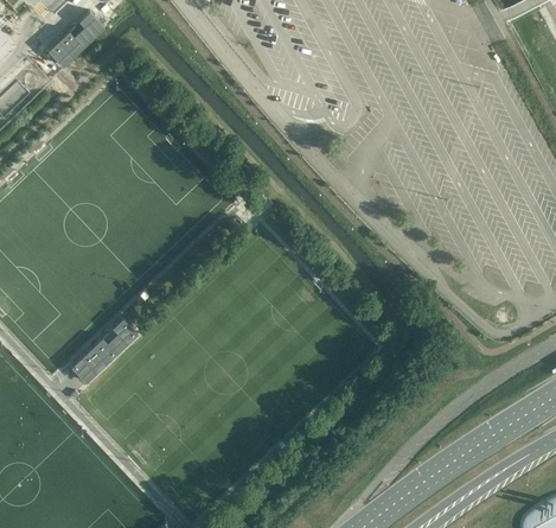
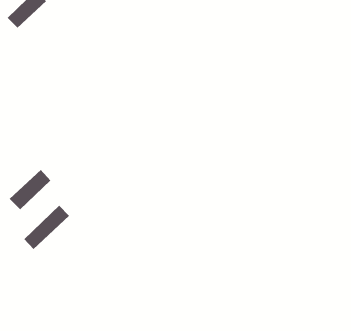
building: none -> [9,169,51,210]

